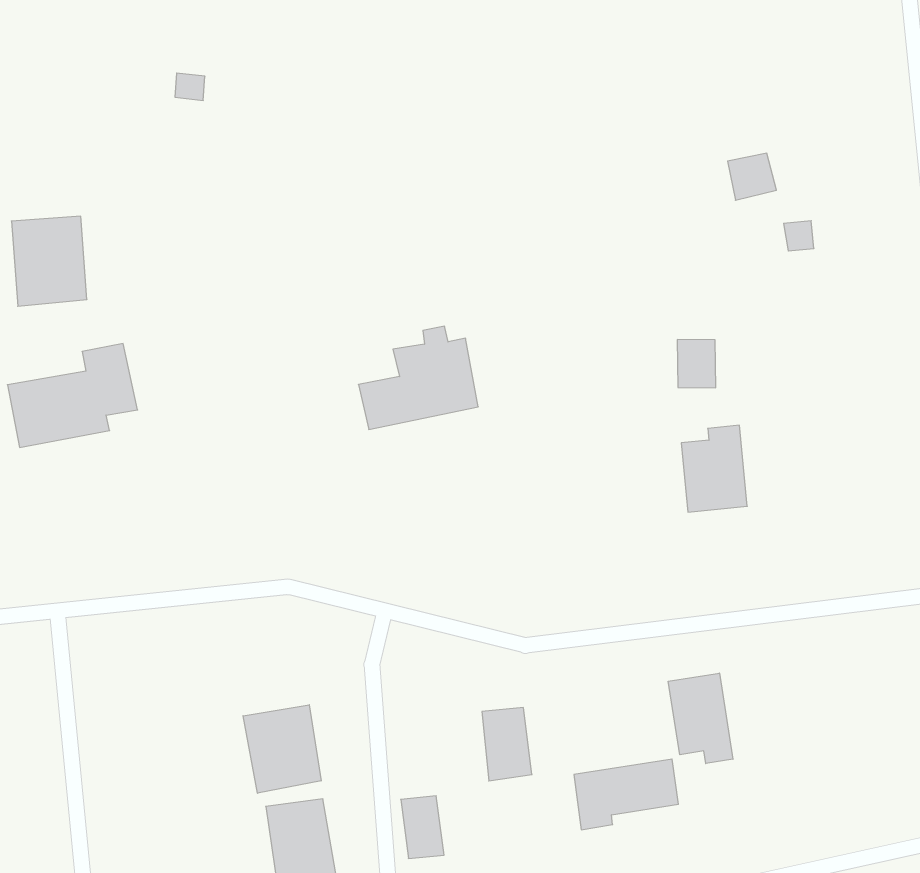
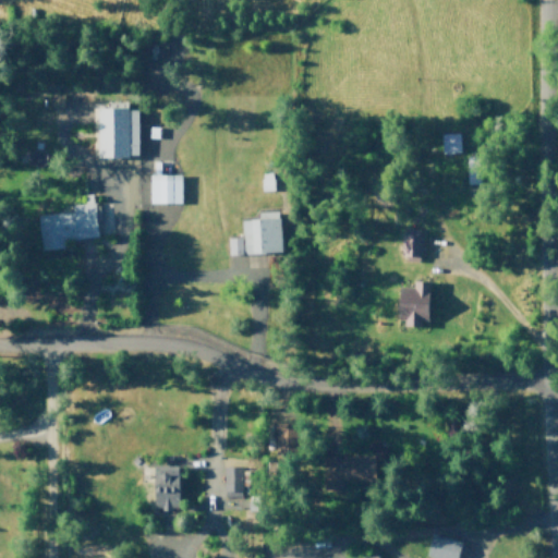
building: [11,216,87,306] -> [100,109,140,156]
building: none -> [150,171,182,205]
building: [668,673,733,764] -> none
building: [243,705,321,793] -> none

